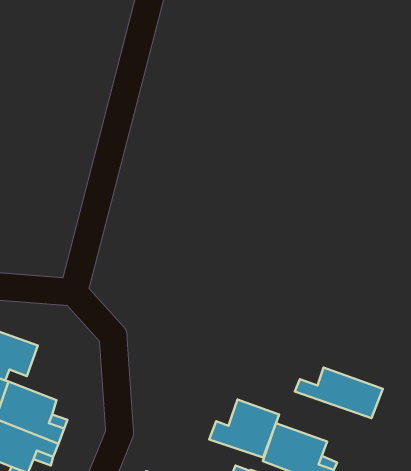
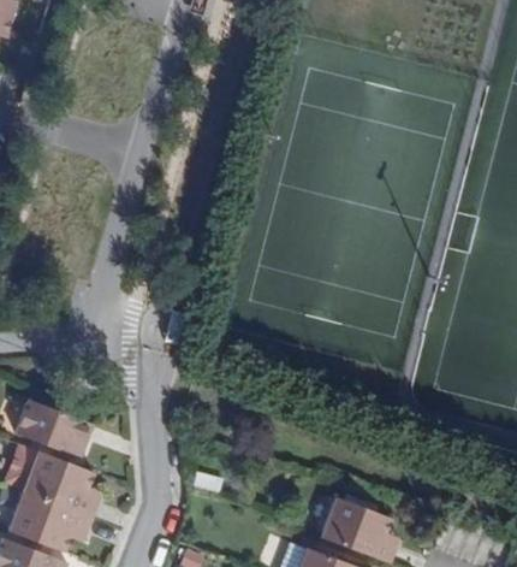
building: [295,367,383,418] -> none
building: [209,400,279,458] -> none

